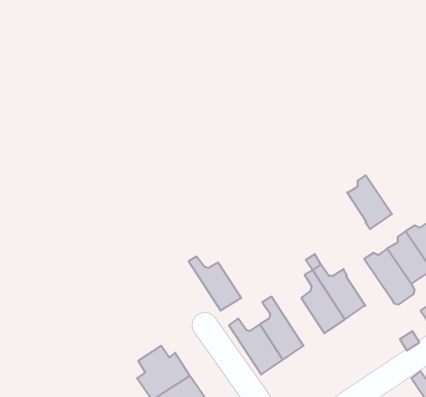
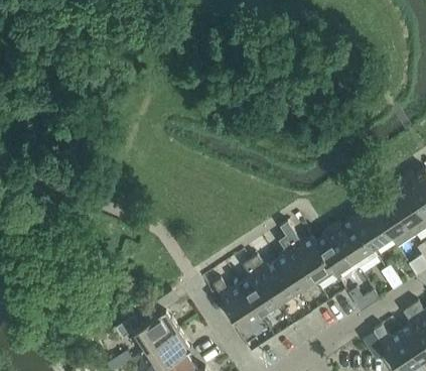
building: [347,175,392,229] -> [316,229,356,276]
building: [189,257,241,311] -> [251,258,297,305]

